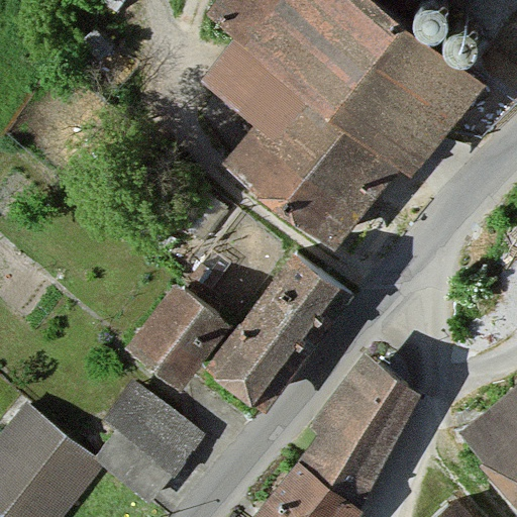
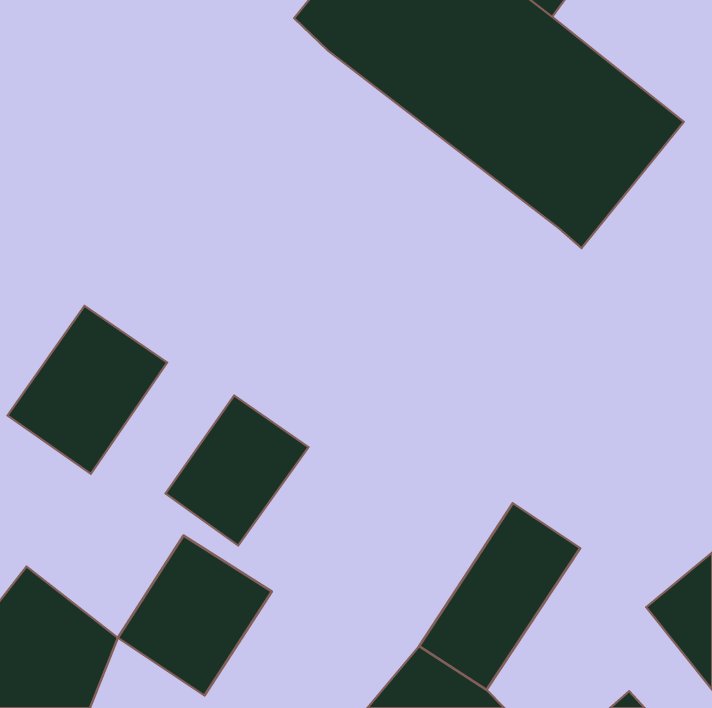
building: [200,36,403,246] -> none
building: none -> [7,306,167,474]
building: [203,252,345,409] -> none

